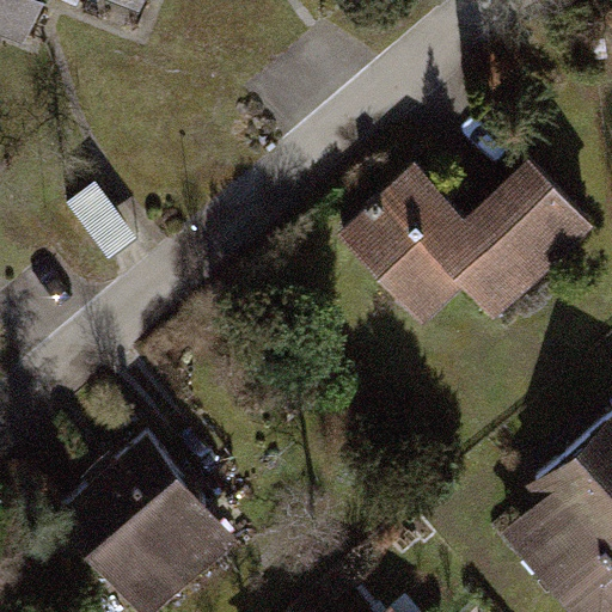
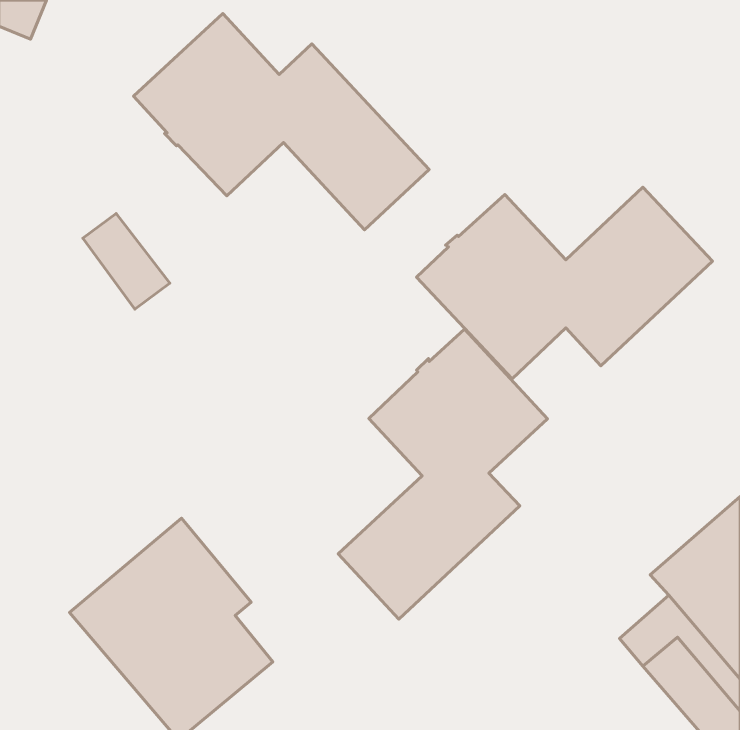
building: none -> [133,14,429,230]
building: none -> [338,329,548,619]

